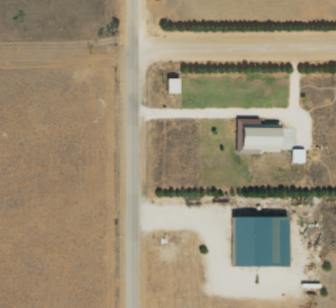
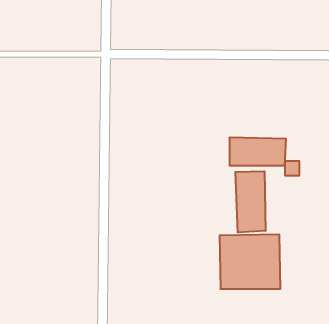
building: none -> [236,171,266,233]

